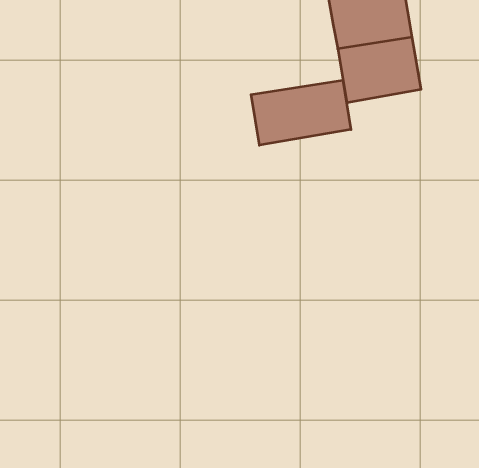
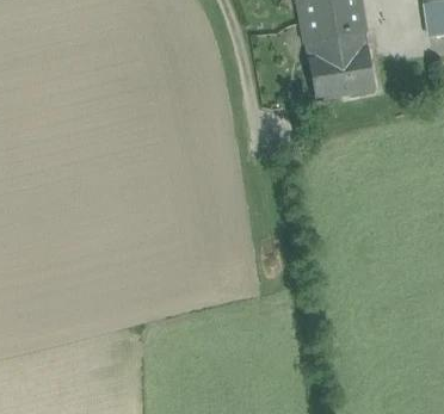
building: [251,80,351,145] -> none

